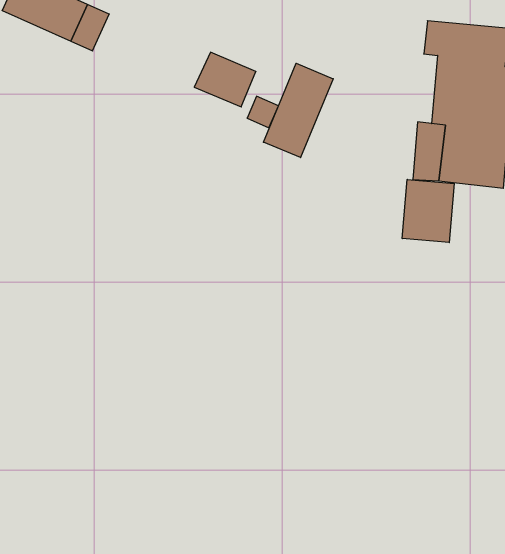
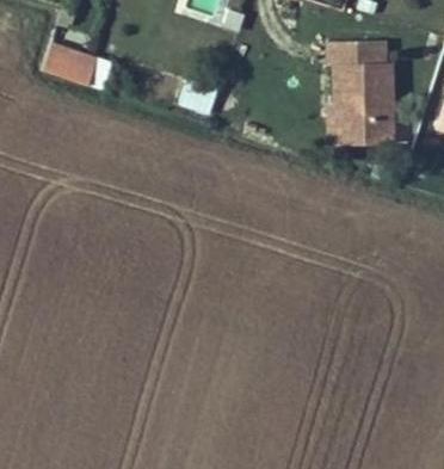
building: [263,63,333,158] -> none
building: [402,179,454,243] -> none

